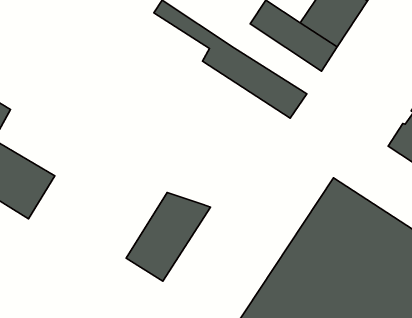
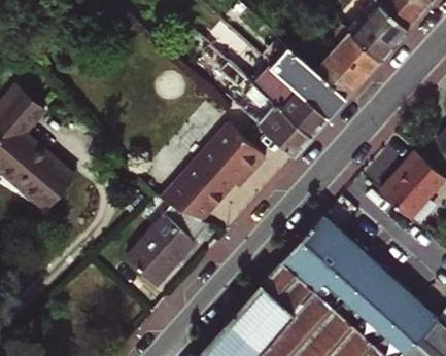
building: none -> [252,66,328,137]
building: none -> [159,123,266,221]

